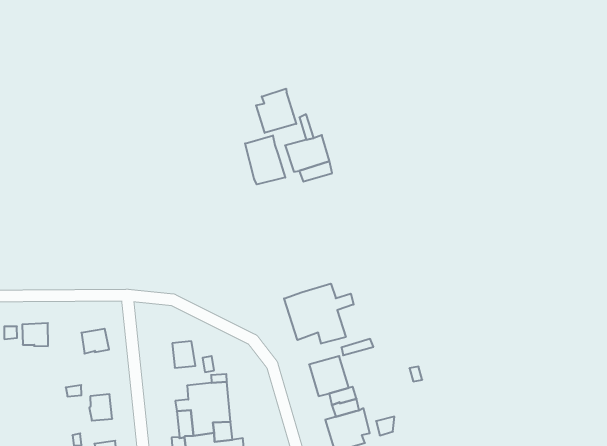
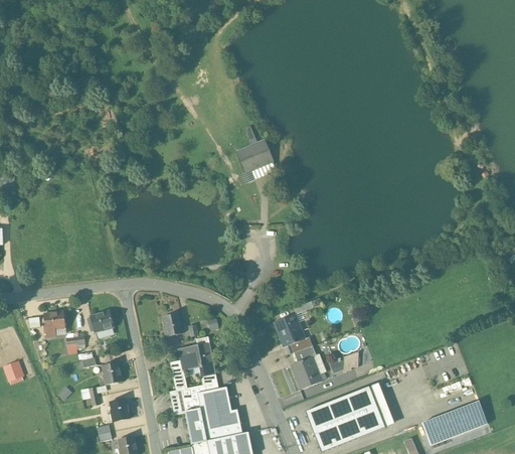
building: [256,89,296,133] -> none
building: [245,135,285,184] -> none
building: [284,284,354,344] -> none

